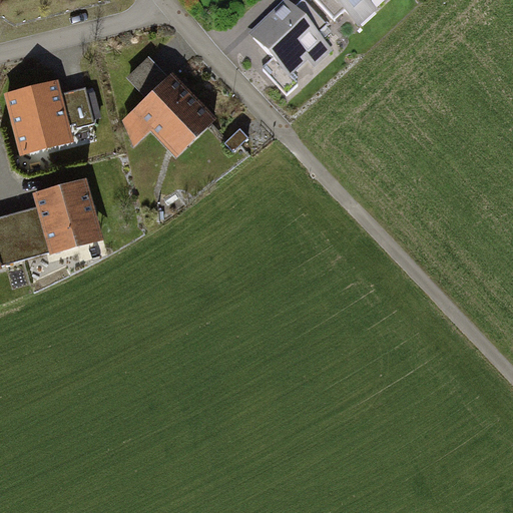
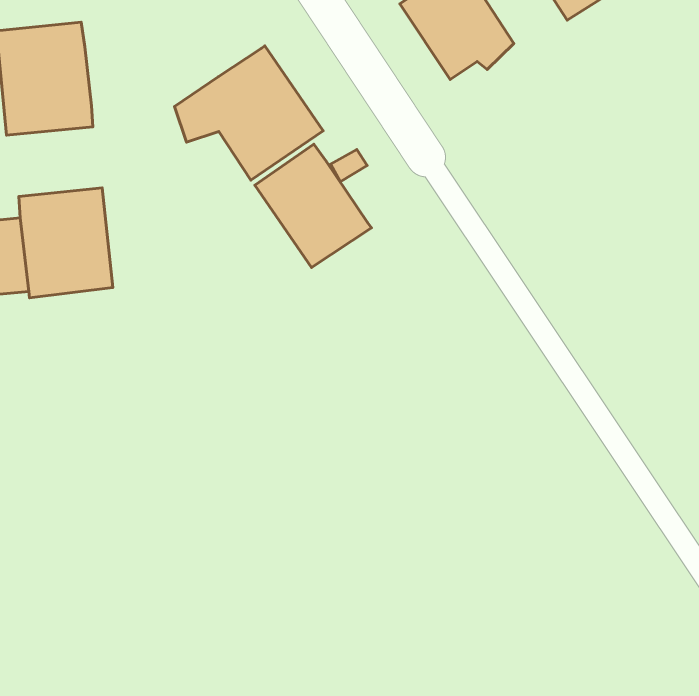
building: [126,54,170,97] -> none
building: [60,85,95,128] -> none
building: none -> [255,144,371,267]

